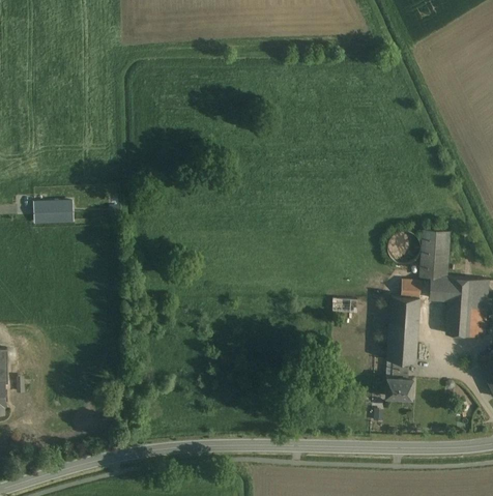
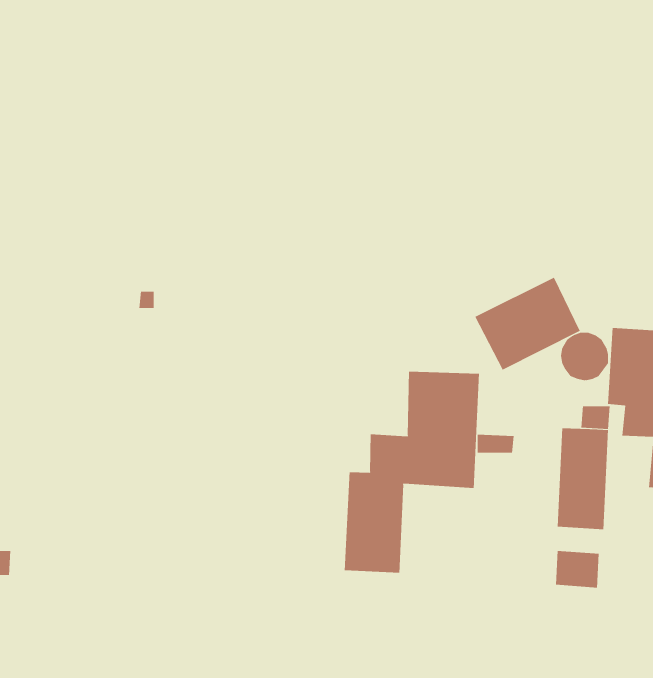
building: none -> [474,277,581,370]
building: [34,199,71,225] -> none
building: none -> [344,371,479,573]

